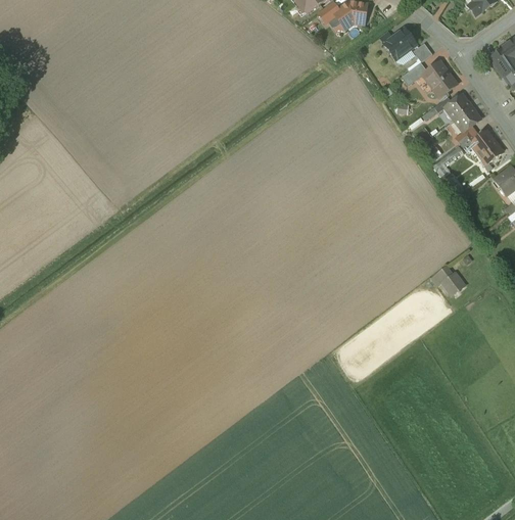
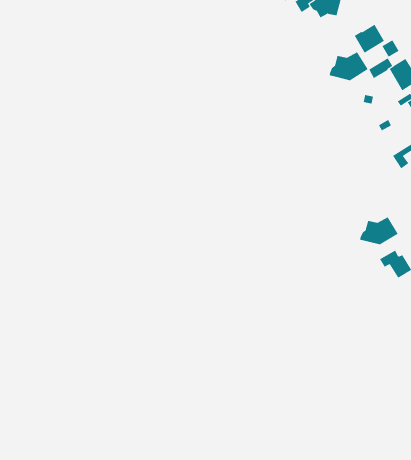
building: none -> [329,51,369,81]
building: none -> [359,217,398,245]

